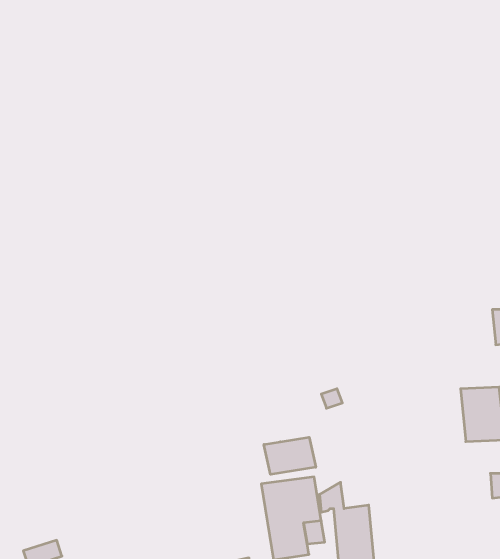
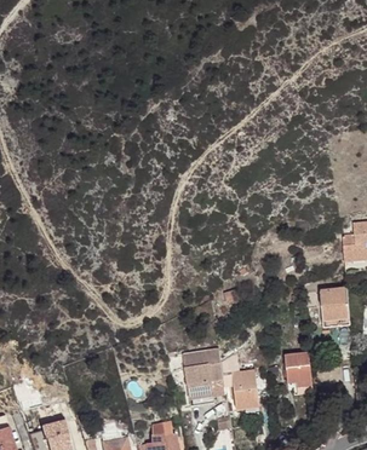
building: [264,437,316,474] -> none
building: none -> [285,353,311,383]

